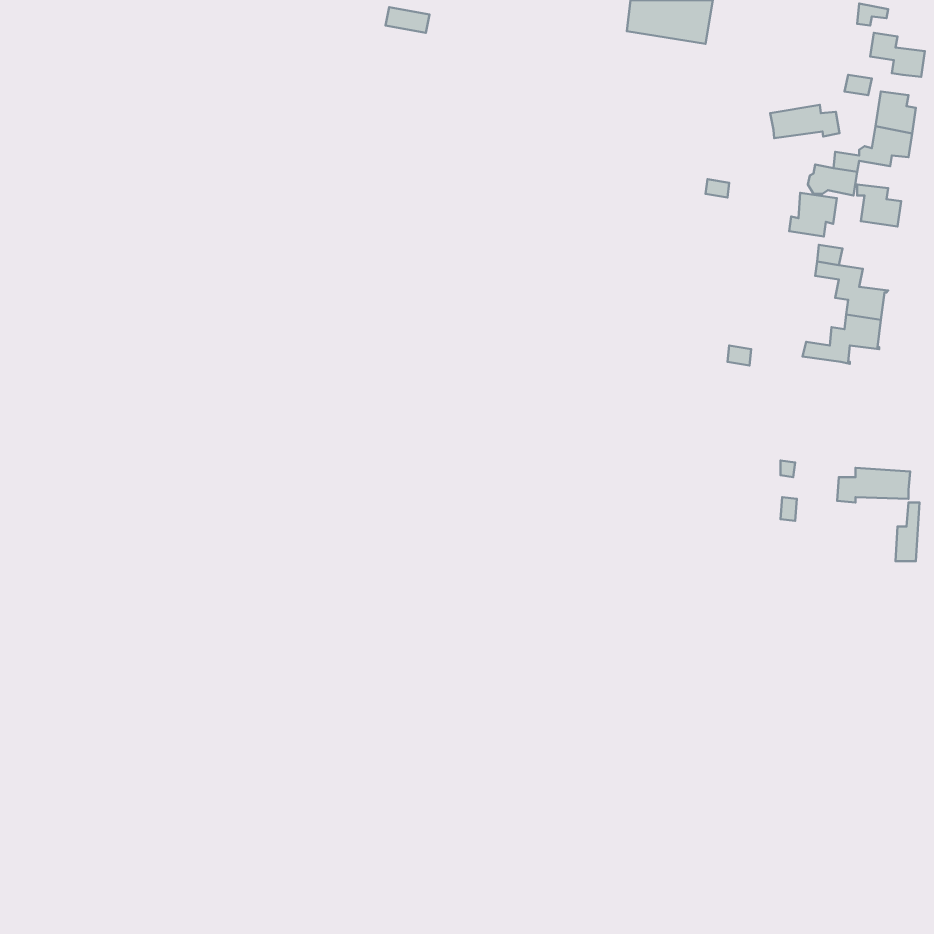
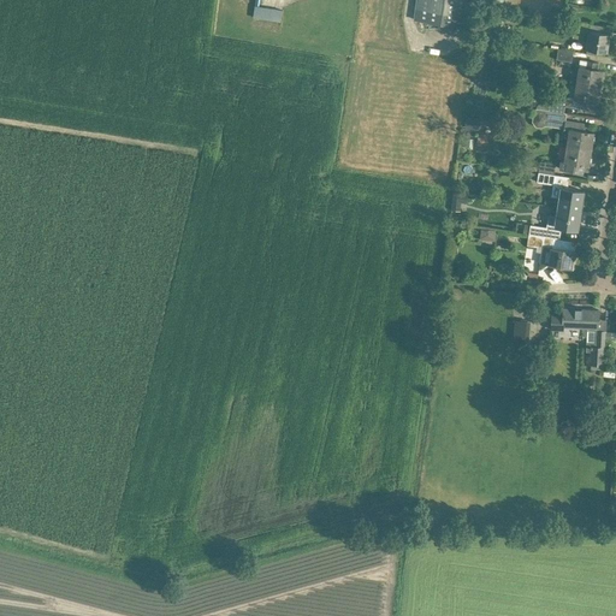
building: [770,105,840,138] -> none
building: [789,193,837,237] -> [559,146,591,174]
building: none -> [527,235,575,268]

